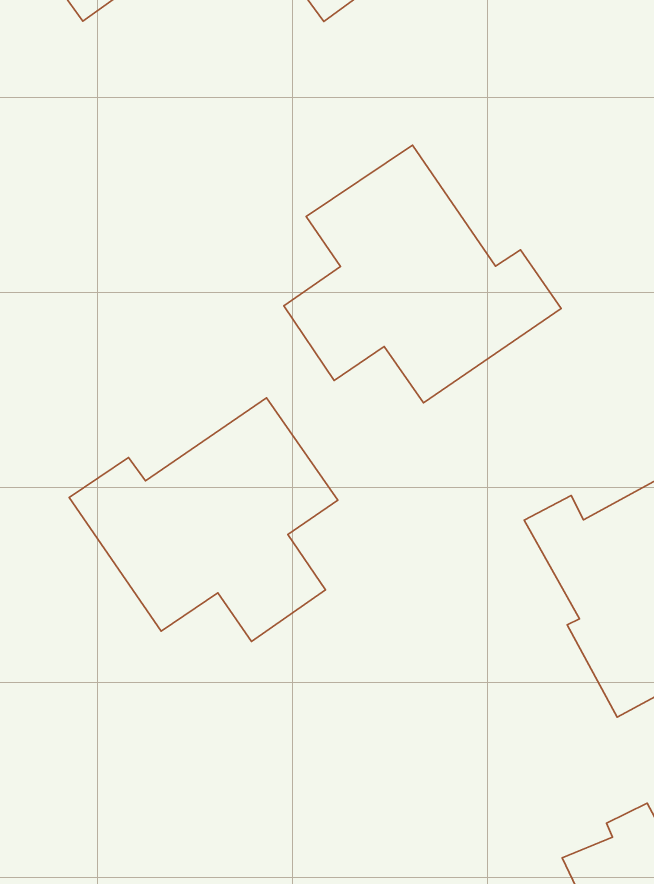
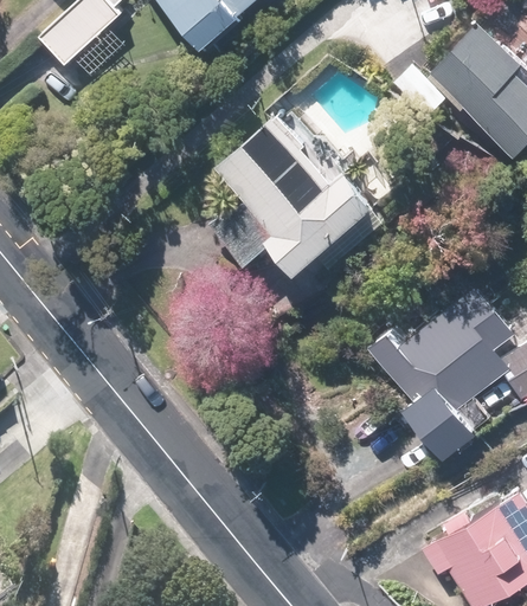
building: [69,398,338,641] -> none

